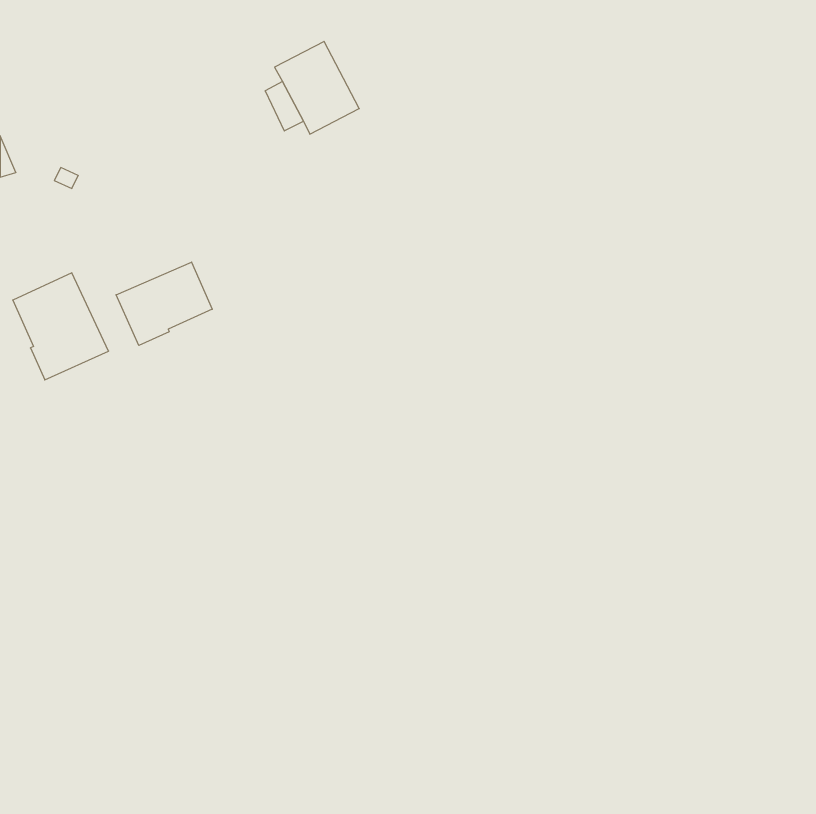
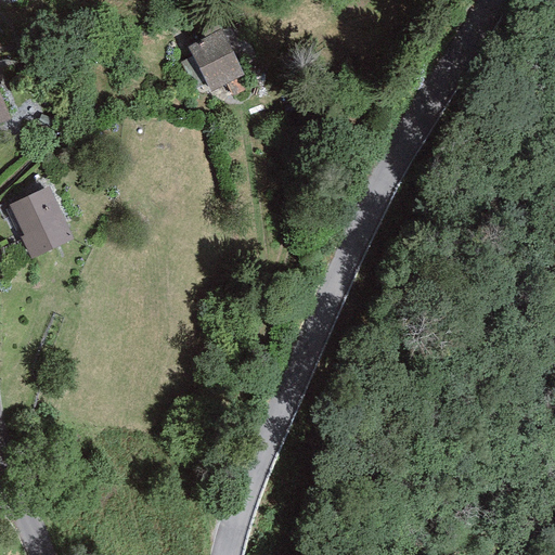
building: [116,262,212,345] -> none

